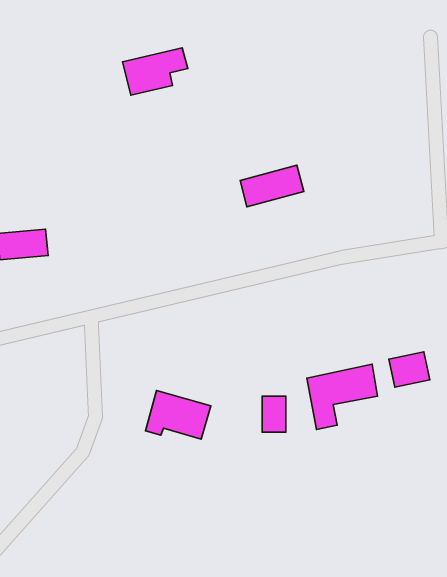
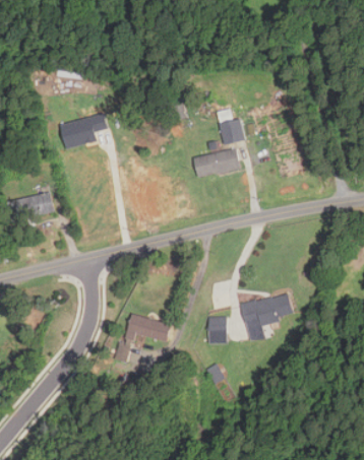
building: [123,48,188,95] -> [60,114,108,148]
building: none -> [219,118,245,143]
building: [389,352,430,387] -> none

